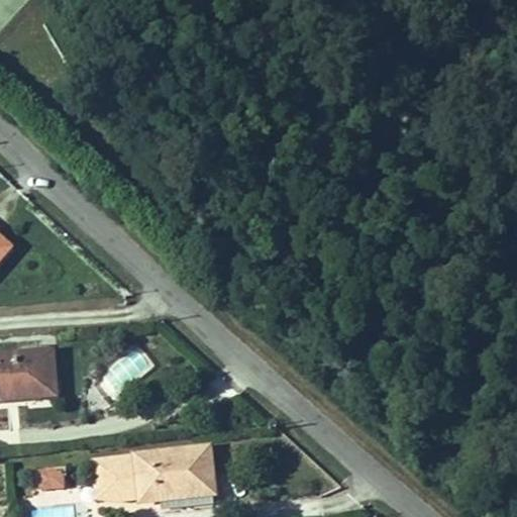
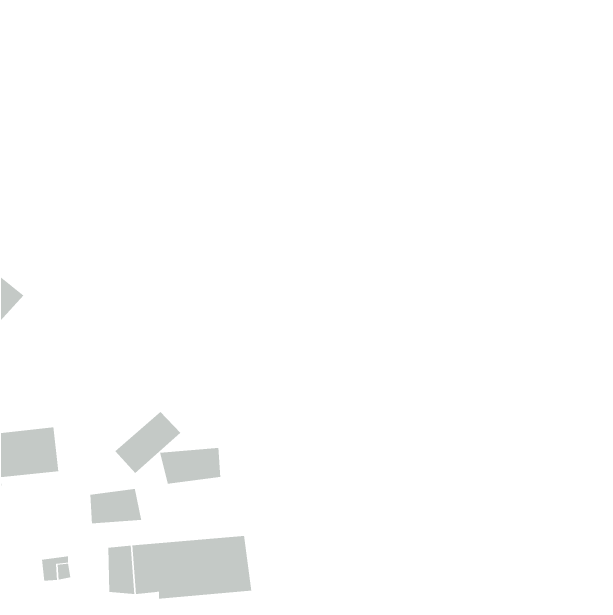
building: none -> [160,447,221,485]
building: none -> [90,488,142,524]

